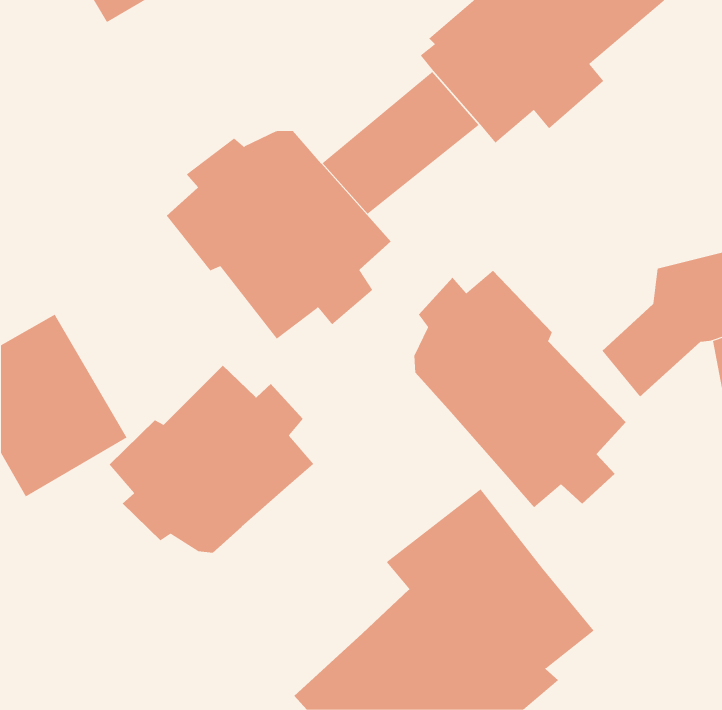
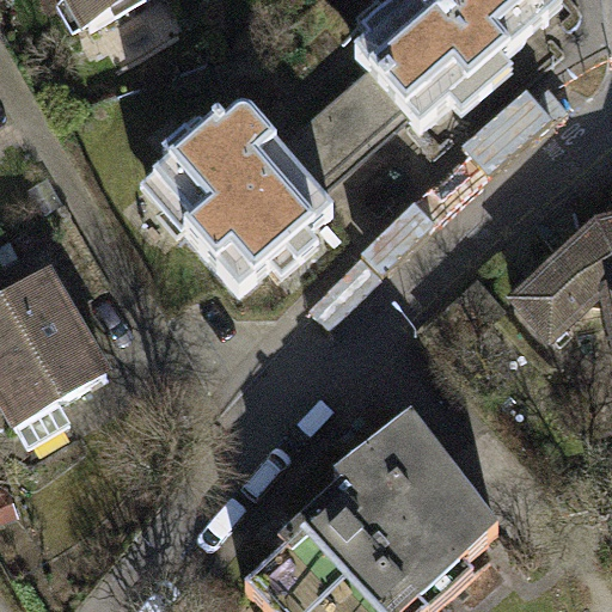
building: [414,270,626,508] -> none
building: [109,365,314,554] -> none

